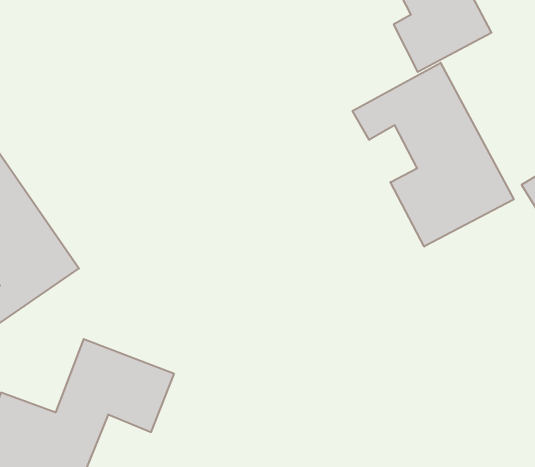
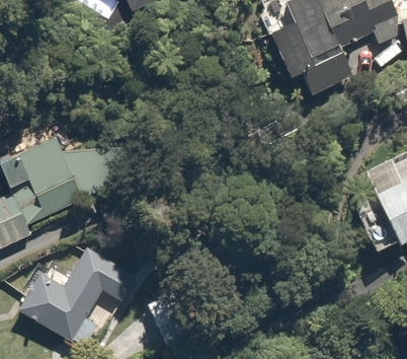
building: [353,63,514,247] -> none

